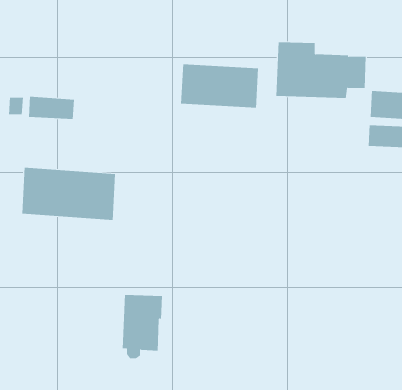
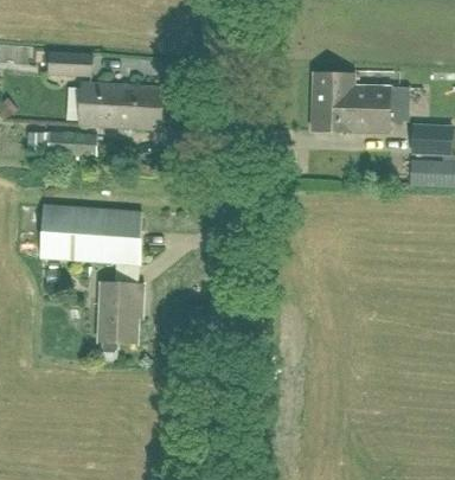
building: none -> [47,51,91,77]
building: [180,64,259,108] -> [78,82,162,129]
building: [122,295,163,359] -> [97,282,141,351]

